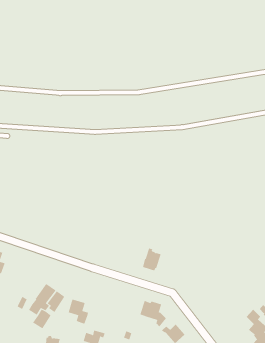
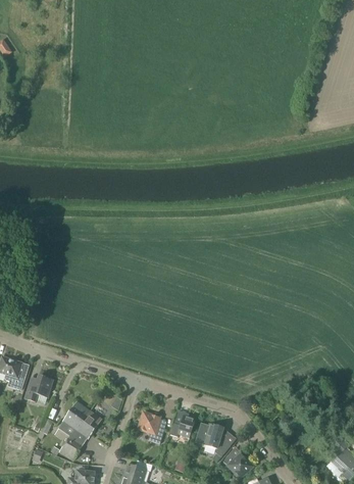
building: [142,248,161,271] -> [169,409,194,439]
building: none -> [23,375,52,400]
building: [68,299,89,324] -> [137,410,163,443]

